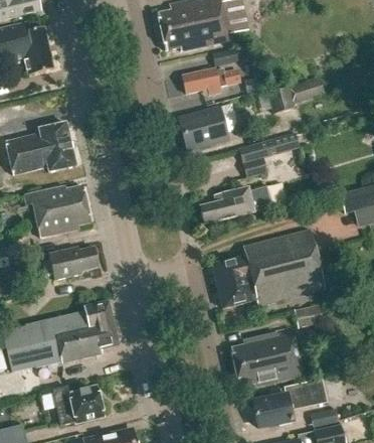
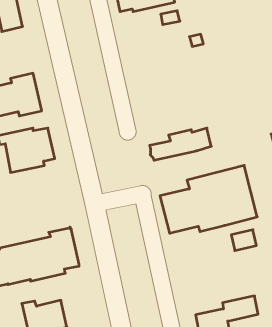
building: [182,67,240,94] -> none
building: [268,79,324,112] -> none
building: [179,103,237,150] -> none
building: [239,131,301,176] -> none
building: [43,247,99,279] -> none
building: [231,328,302,386] -> none

